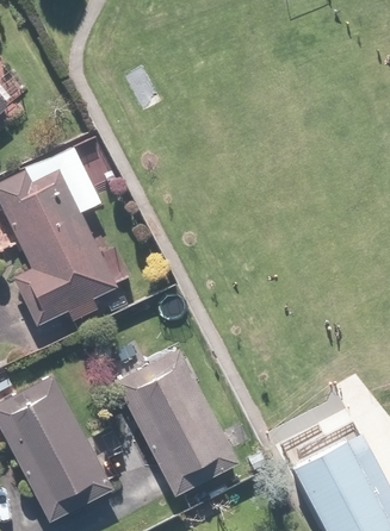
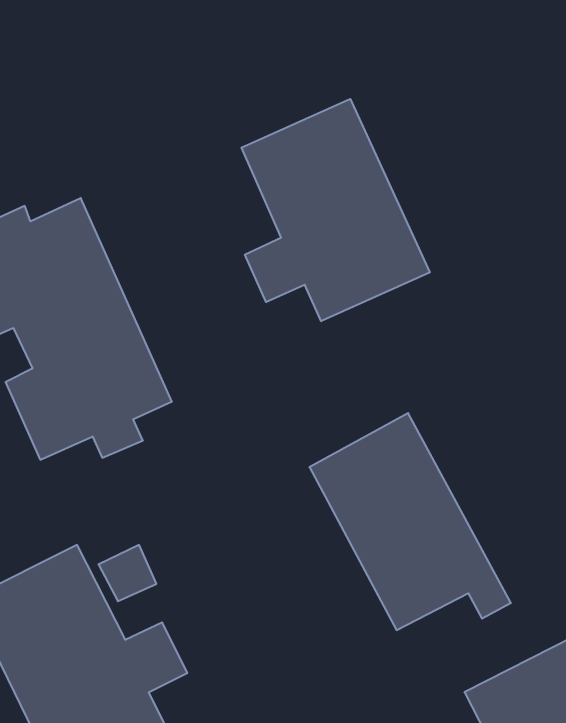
building: none -> [242,99,430,321]
building: [116,348,240,481] -> [309,413,511,630]

